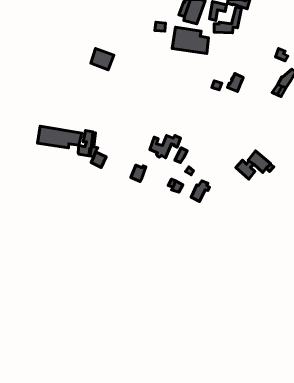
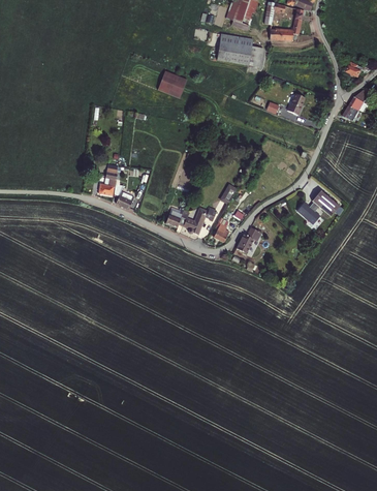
building: [91,48,114,70] -> [157,70,186,97]
building: [38,126,82,148] -> none
building: [150,136,181,158] -> [178,207,216,235]

